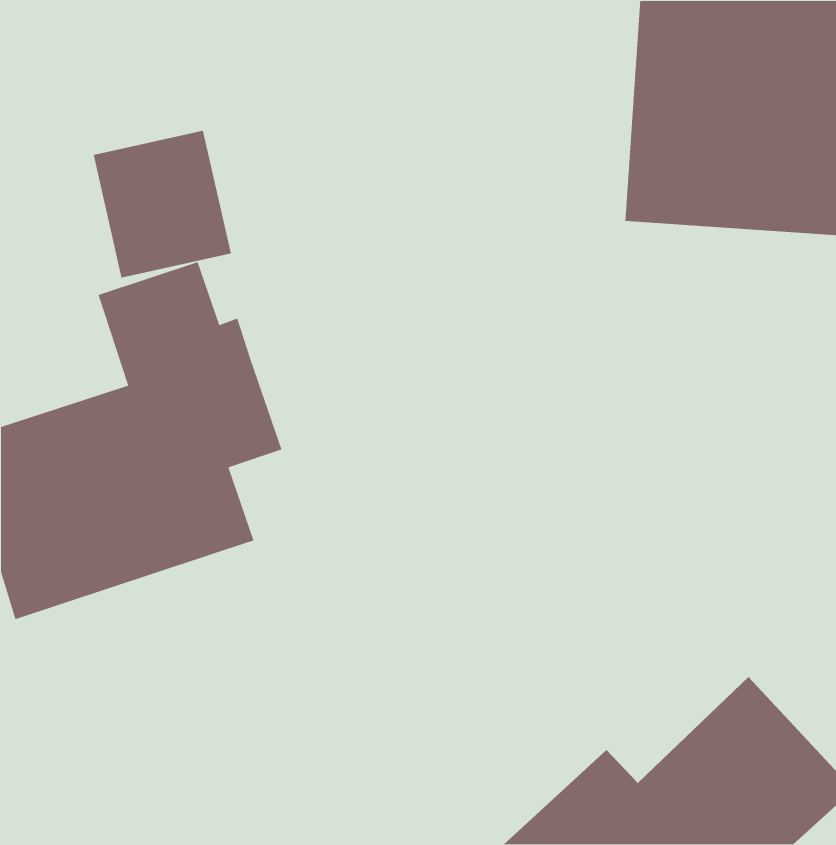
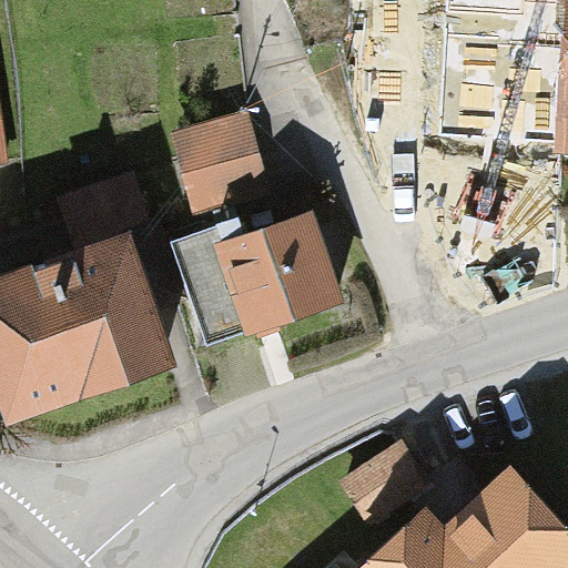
building: [93,130,232,279] -> [170,121,263,221]
building: none -> [174,215,342,348]

